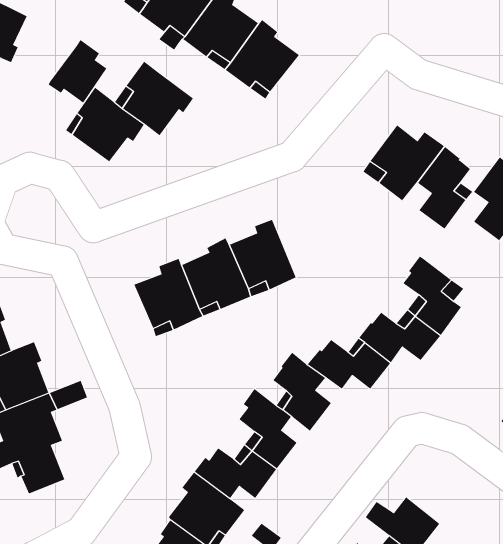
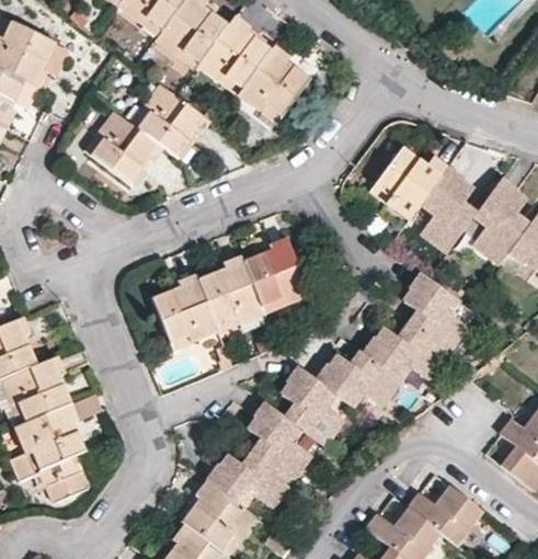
building: [48,39,107,104] -> none
building: none -> [412,482,488,543]

